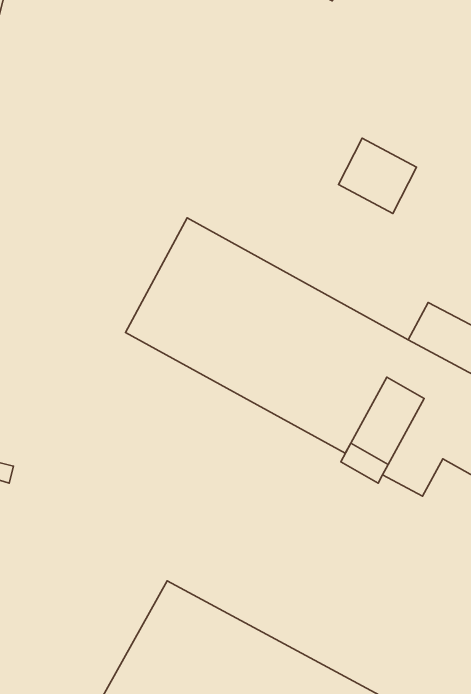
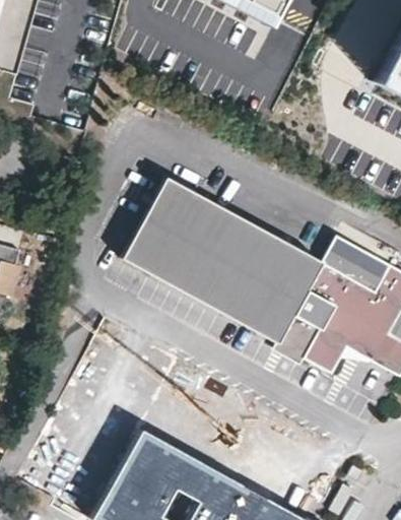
building: [339,138,416,213] -> none

